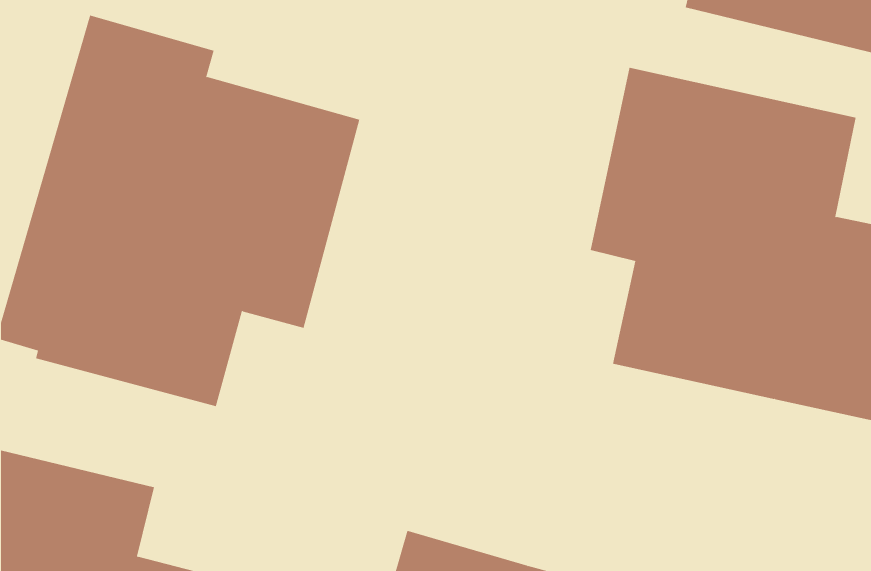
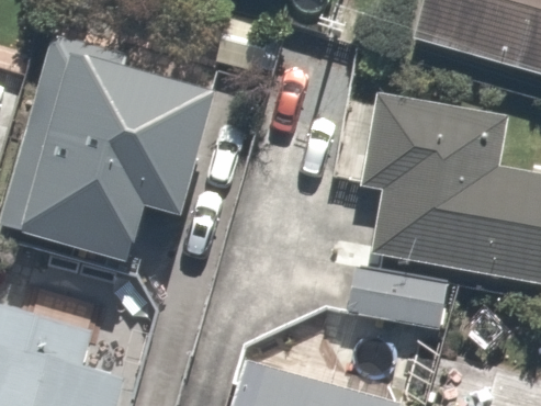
building: none -> [352,247,462,335]

